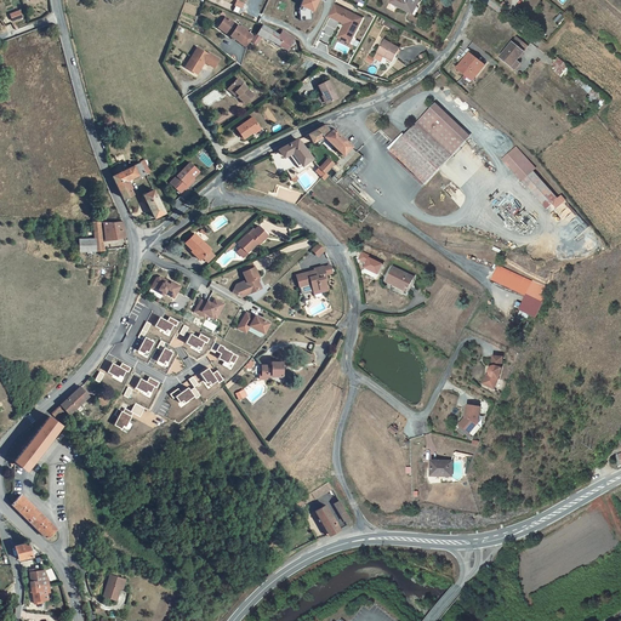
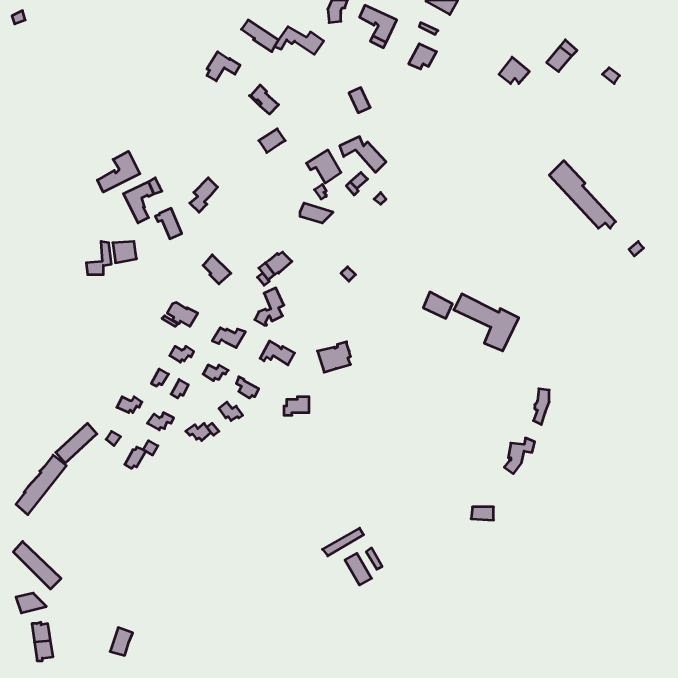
building: [391,103,471,181] -> none
building: none -> [97,151,140,192]
building: [297,267,327,295] -> [317,342,351,372]
building: [491,267,551,319] -> [454,294,519,351]

